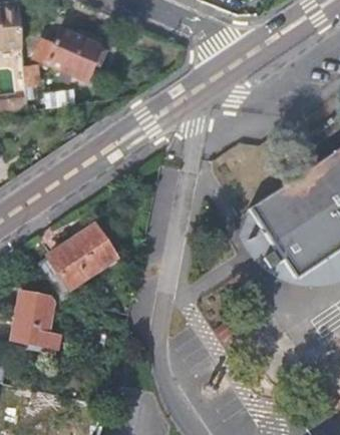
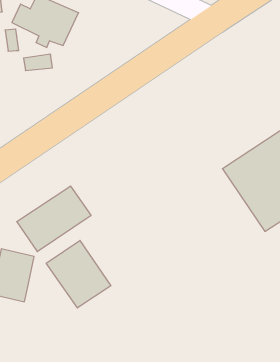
building: none -> [46,240,111,308]

